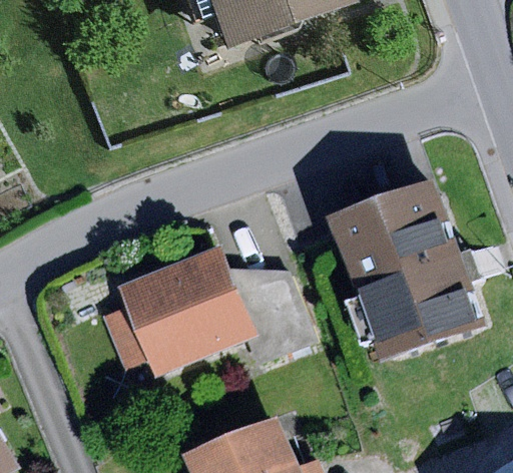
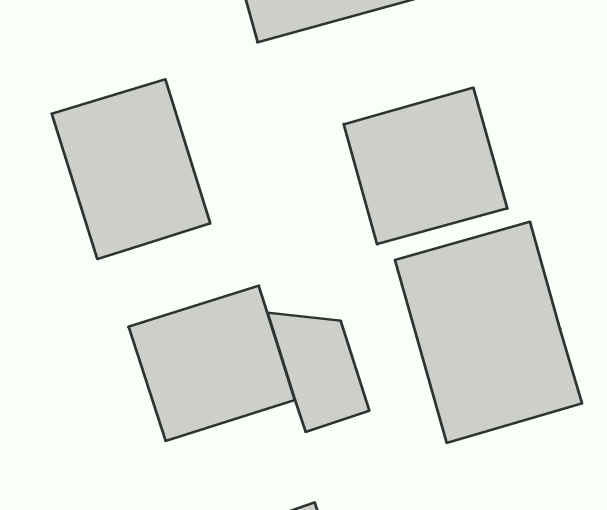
building: none -> [344,88,507,244]
building: none -> [52,79,210,259]

